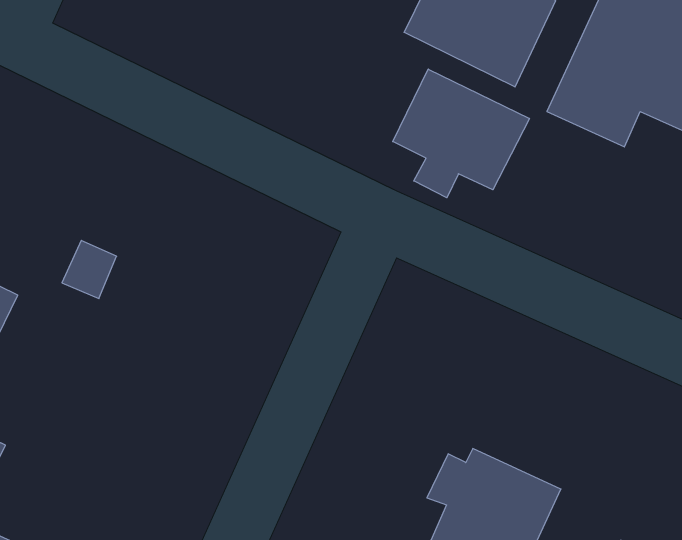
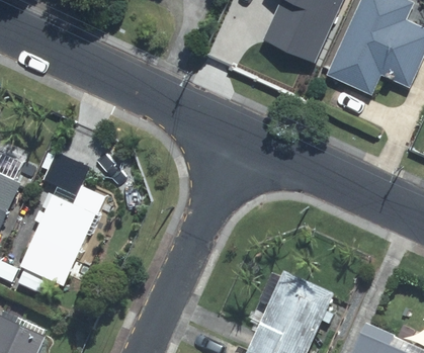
building: [393,69,529,198] -> none
building: none -> [18,186,96,289]

